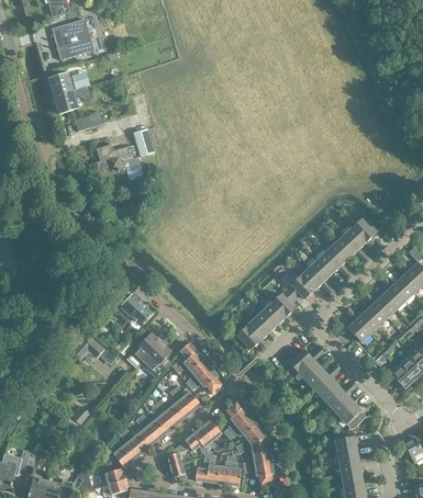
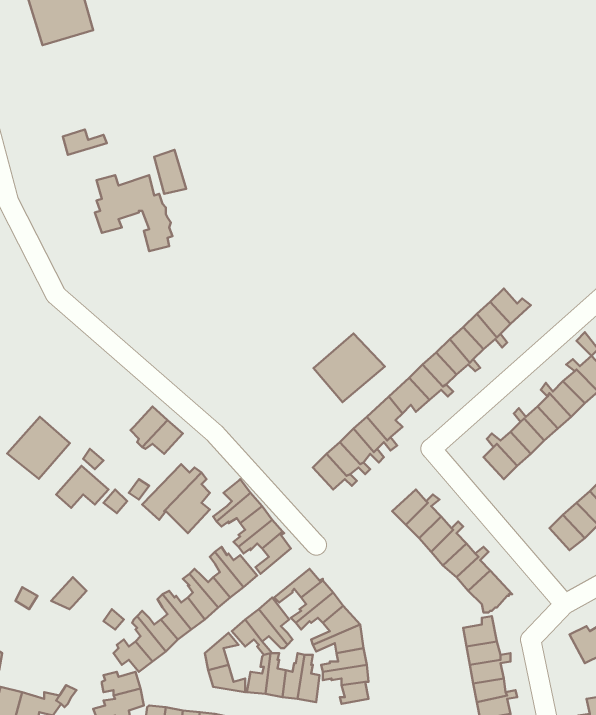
building: [48,72,90,113] -> none
building: none -> [314,333,385,402]
building: none -> [7,417,70,479]

